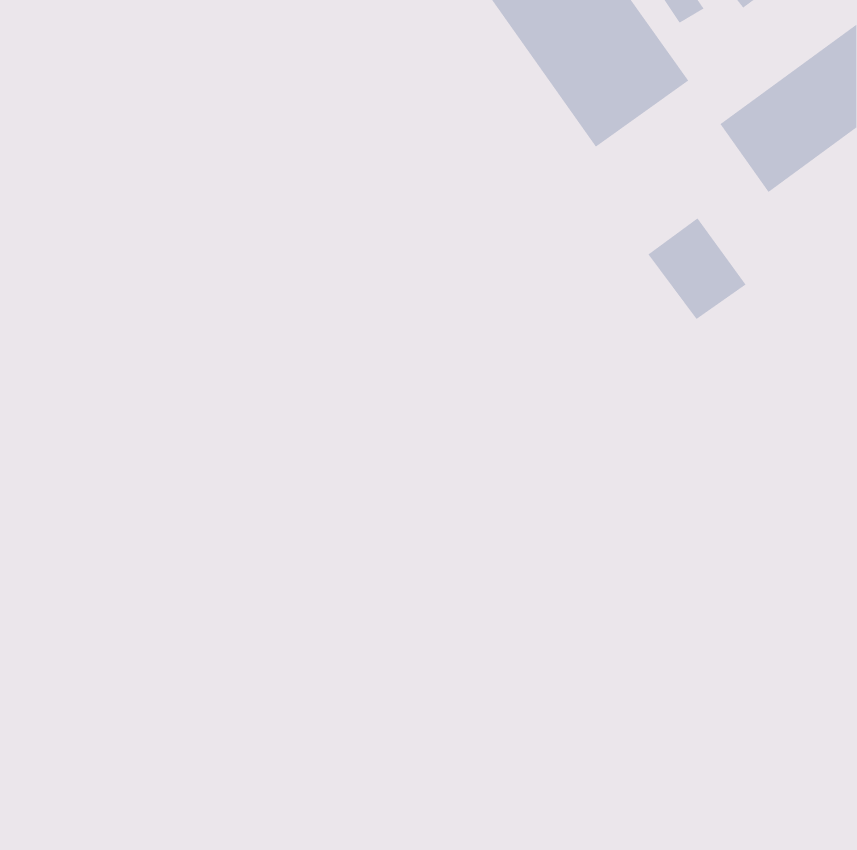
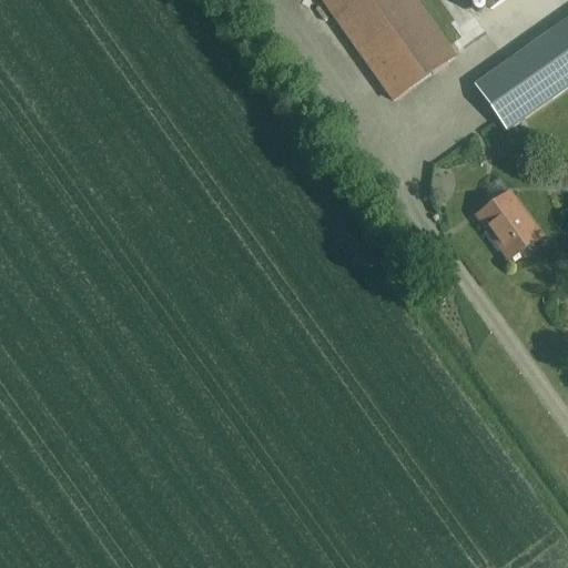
building: [648,218,746,320] -> [477,190,542,257]

